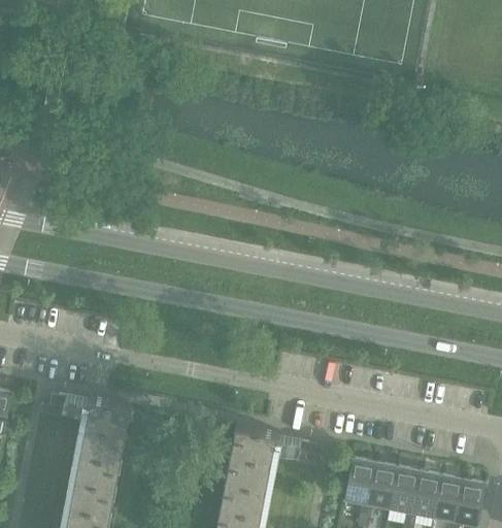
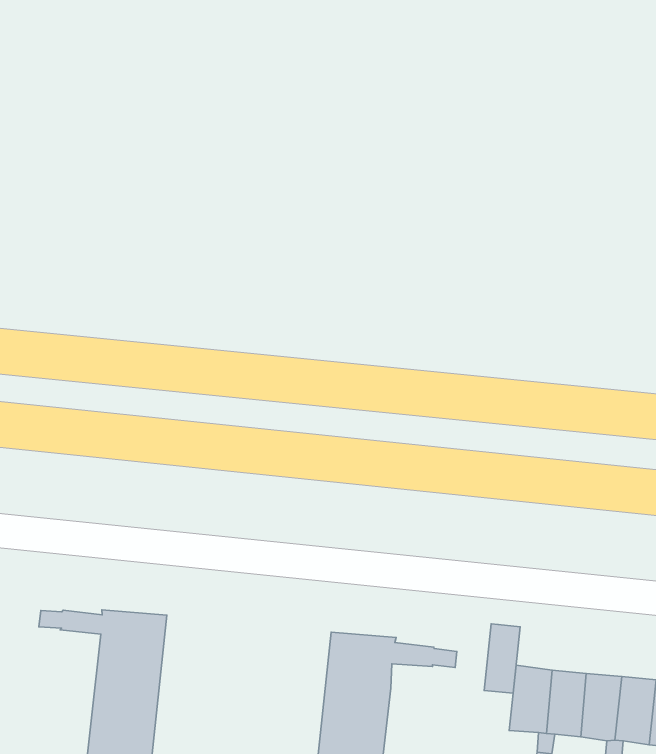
building: none -> [484,624,520,693]

